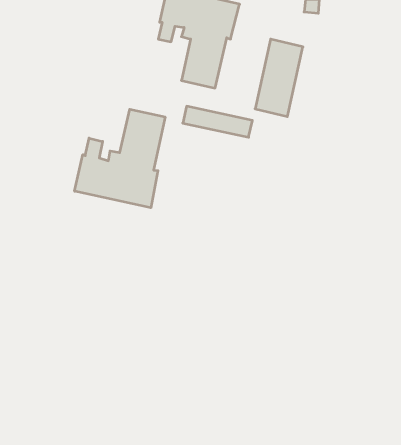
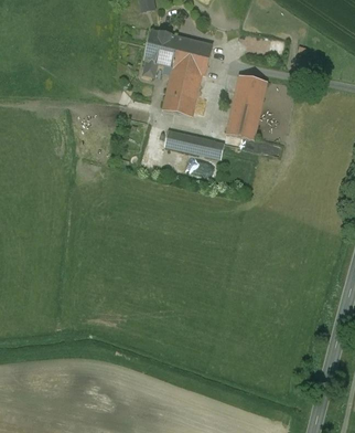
building: [75,109,165,208] -> none

